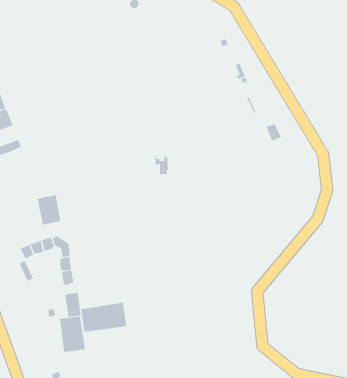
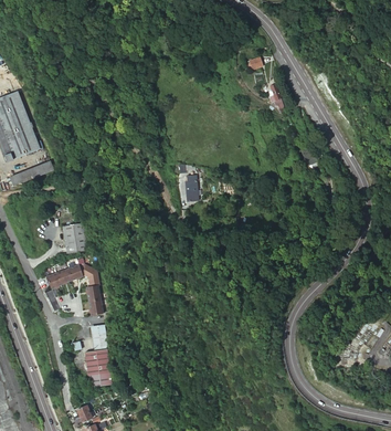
building: [81,302,127,332] -> none

